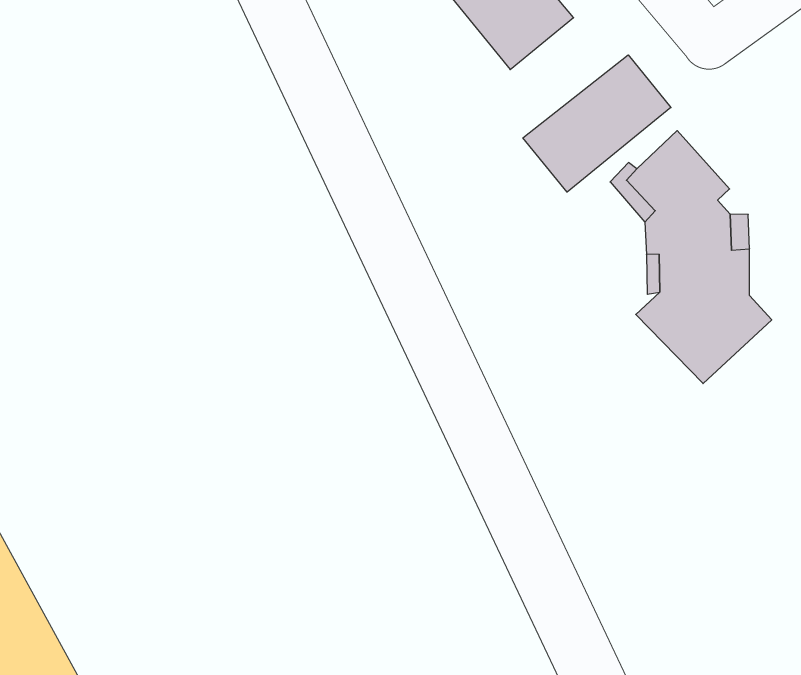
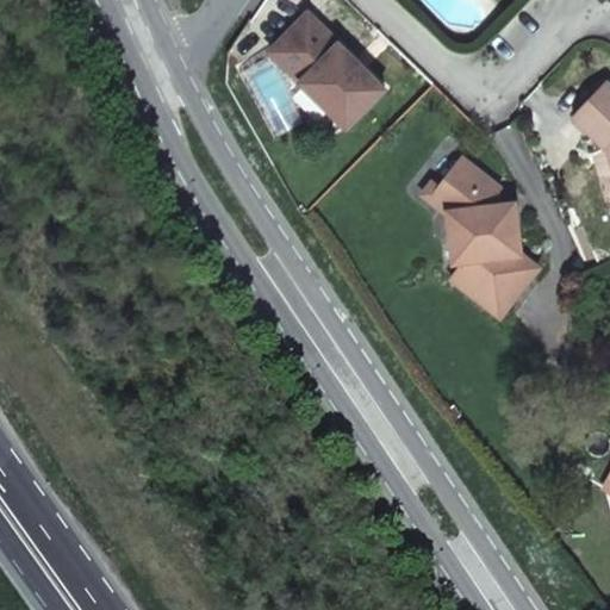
building: [523,55,671,192] -> none

